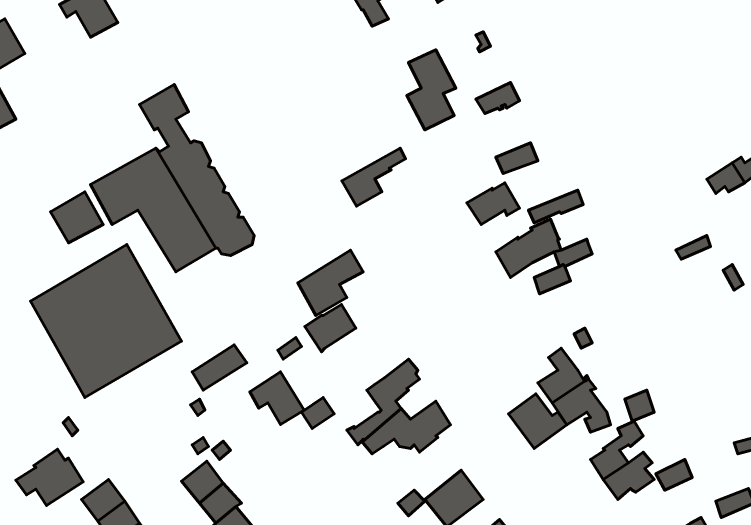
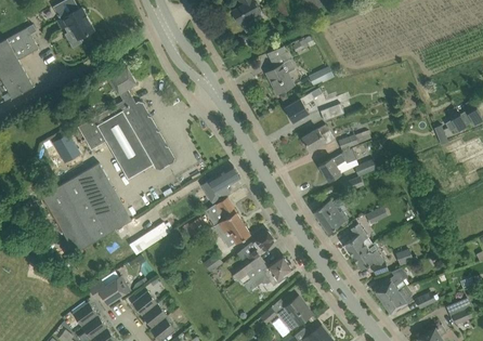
building: [342,148,406,206] -> [284,88,322,122]
building: [250,372,304,425] -> [217,212,249,244]
building: [509,394,567,448] -> [313,200,348,233]
building: [16,449,83,506] -> [89,271,129,304]

